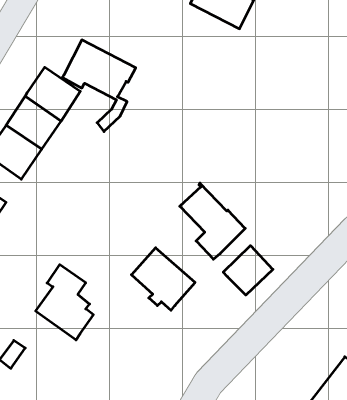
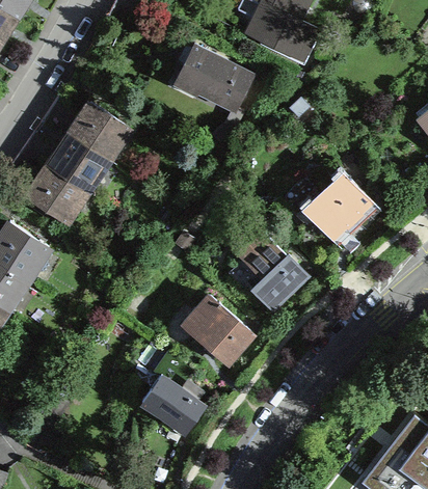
building: [62,40,136,132] -> [173,46,252,144]
building: none -> [304,172,370,238]
building: [223,246,273,295] -> none
building: [36,265,93,340] -> [141,353,204,434]

